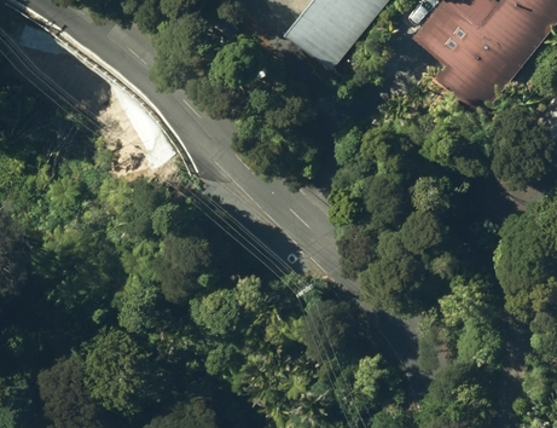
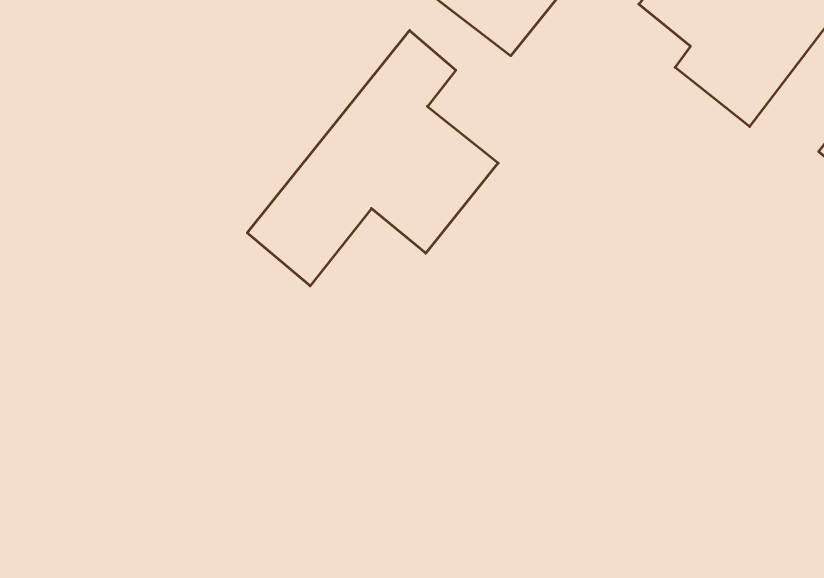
building: none -> [247,30,498,286]

